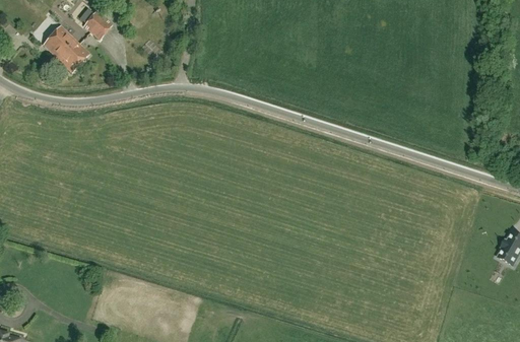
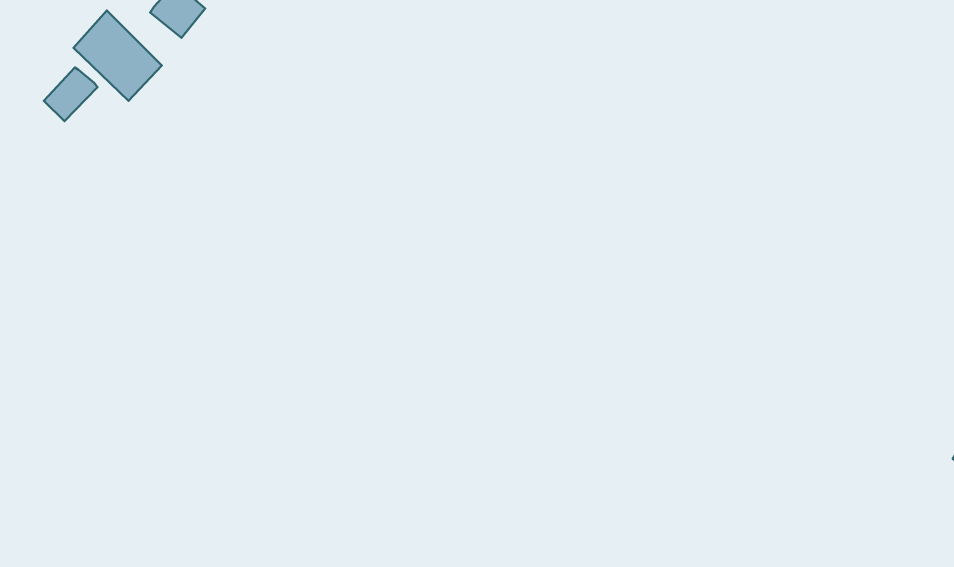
building: none -> [44,67,97,121]

